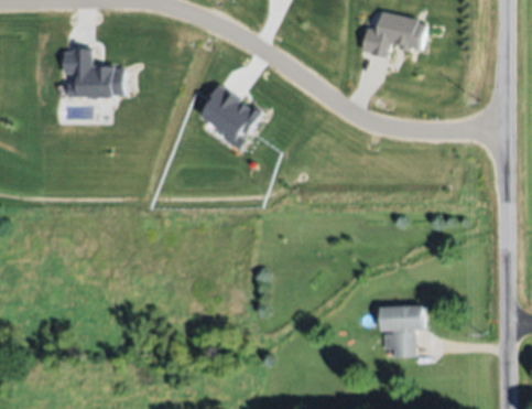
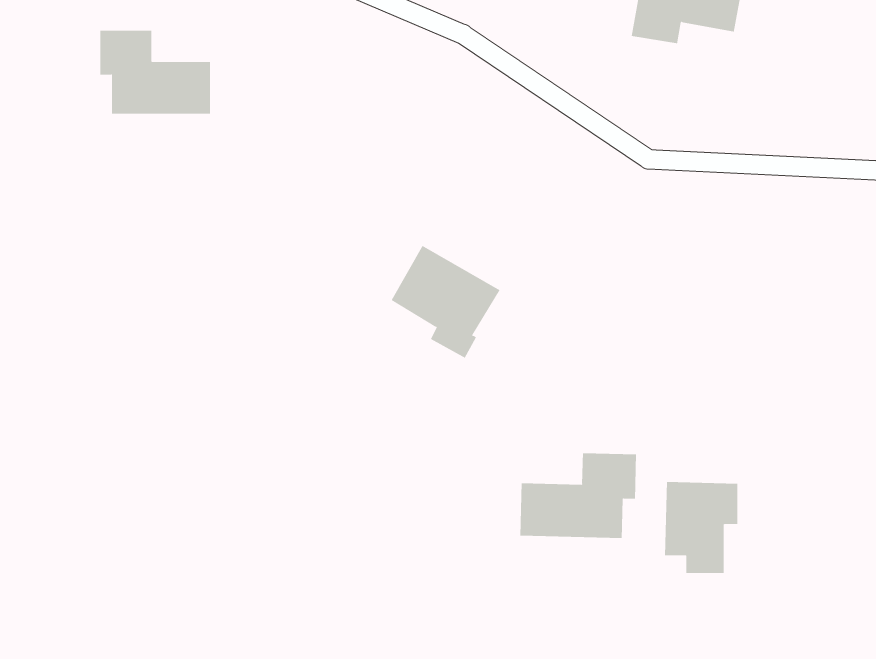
building: [200,86,262,150] -> [391,245,500,359]
building: none -> [520,452,637,539]

